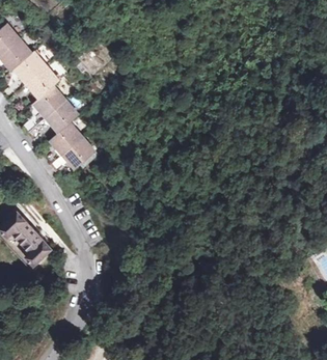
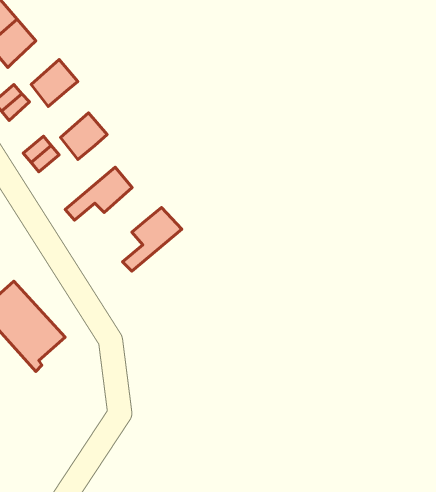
building: [17,47,48,78] -> none
building: [35,81,67,113] -> none
building: [46,118,85,161] -> [123,207,182,271]

